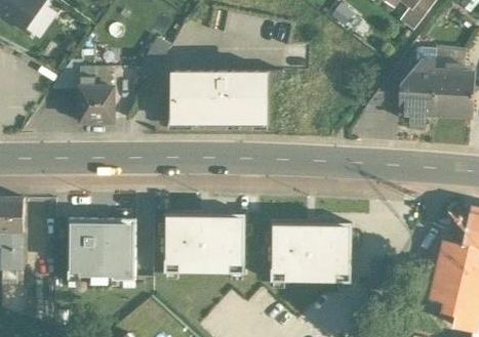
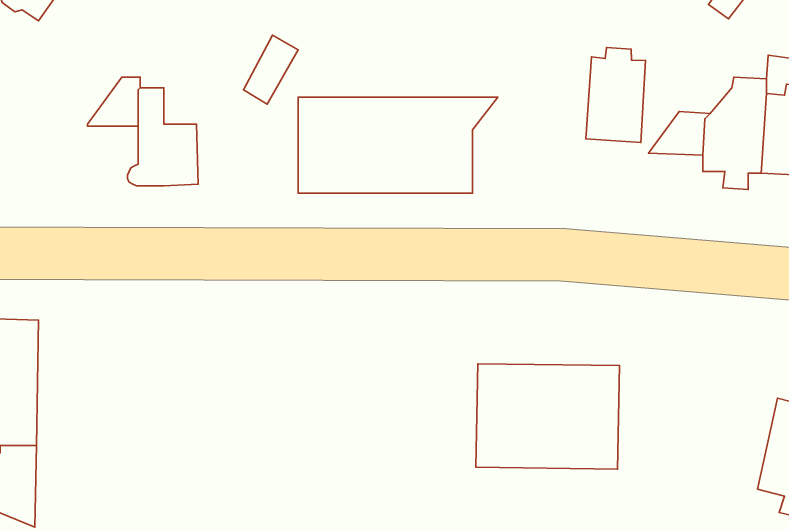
building: none -> [586,48,645,143]
building: [163,214,246,272] -> none
building: [69,218,135,288] -> none

